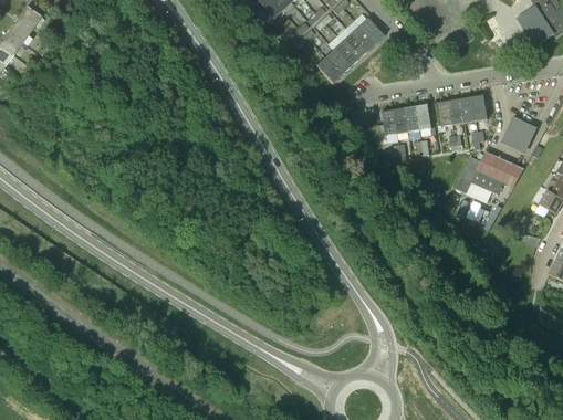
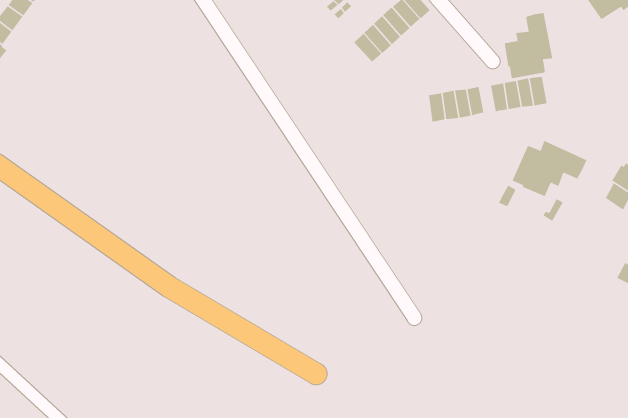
building: none -> [504,12,553,79]
building: [497,117,532,154] -> none

